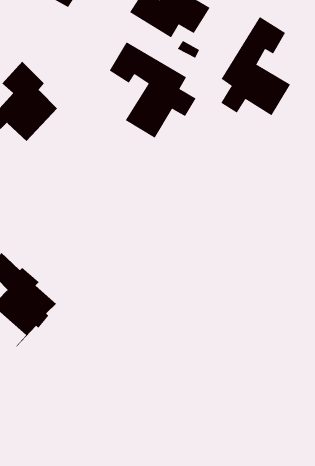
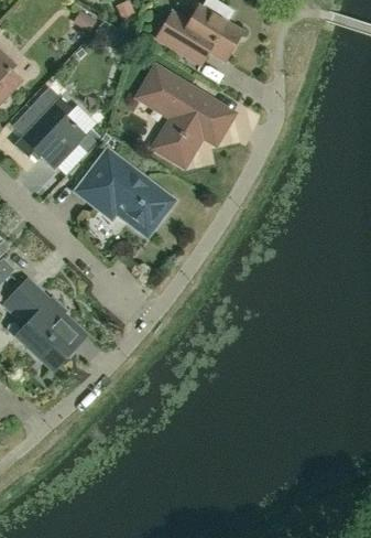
building: [221,16,291,116] -> none
building: none -> [75,150,171,228]

